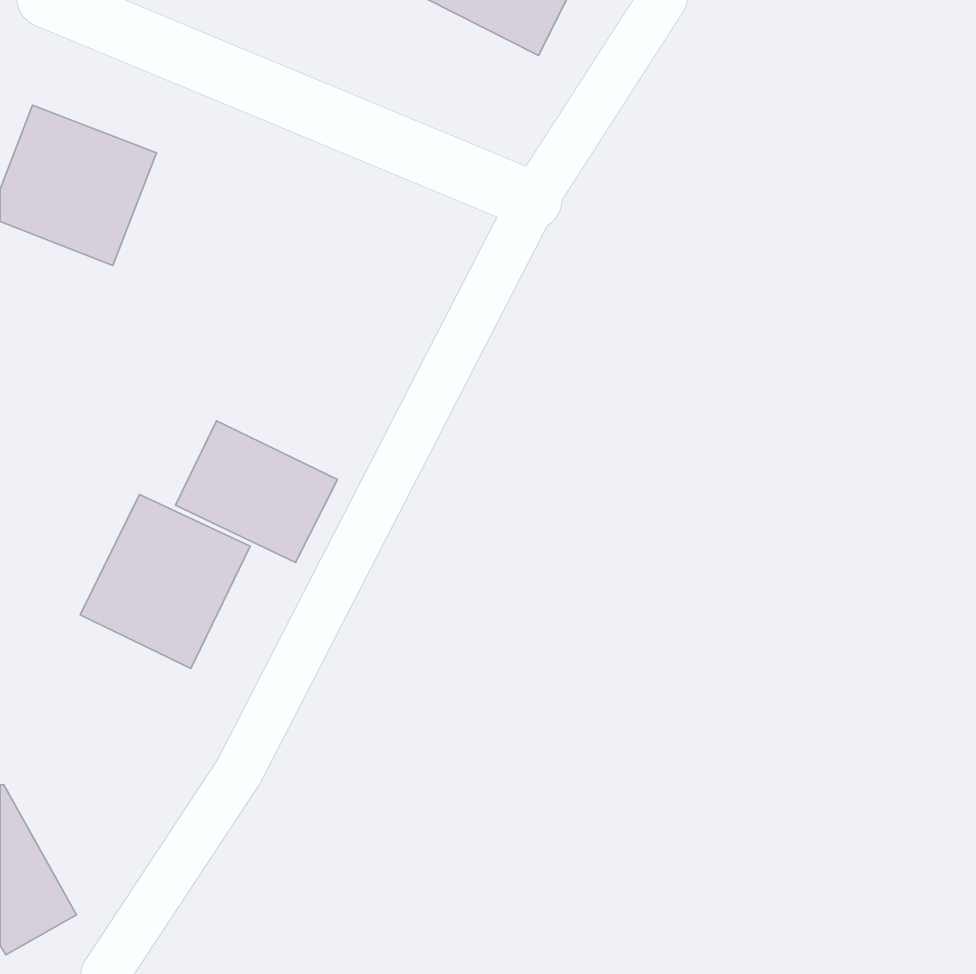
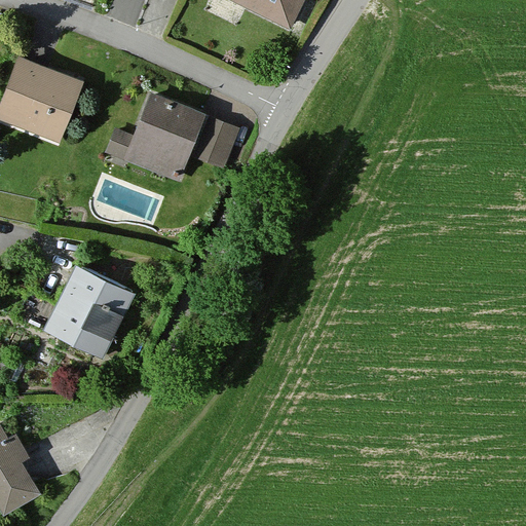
building: none -> [106,92,225,184]
building: [175,421,338,563] -> none

